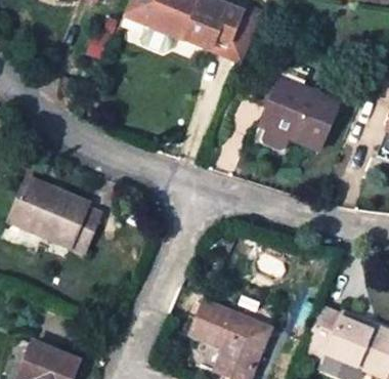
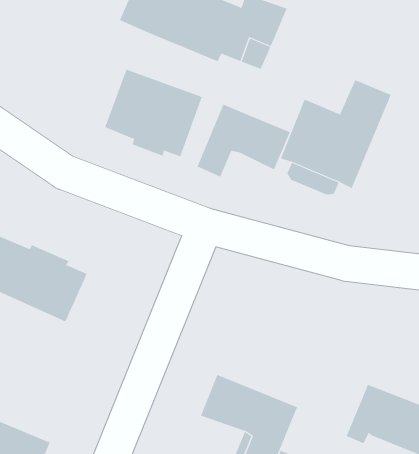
building: none -> [105,69,202,157]
building: none -> [197,104,290,177]

